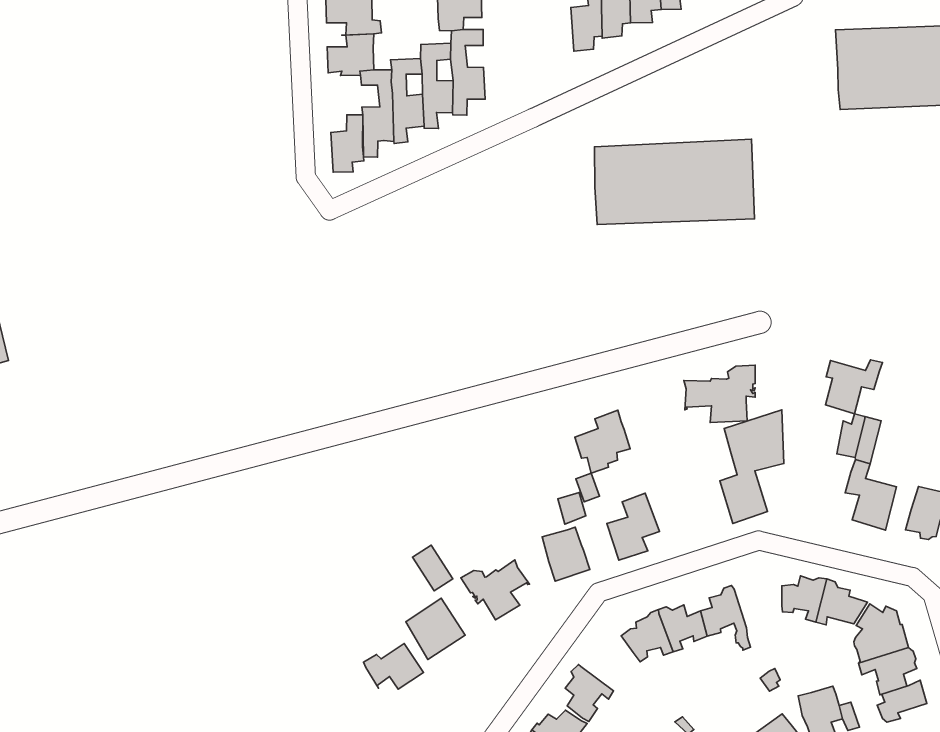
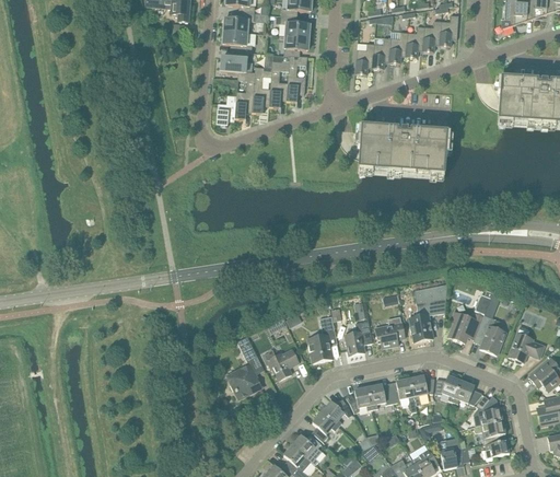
building: [825,360,883,414] -> [448,311,482,341]
building: [684,365,755,422] -> none
building: [575,410,630,473] -> [375,315,405,348]
building: none -> [409,374,434,405]
building: none -> [322,397,352,426]
building: [363,644,423,689] -> none

